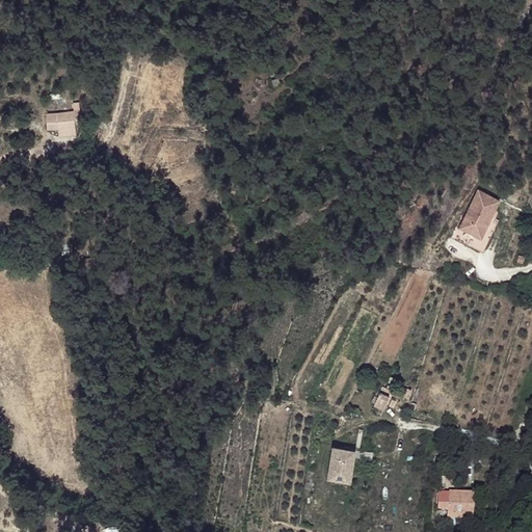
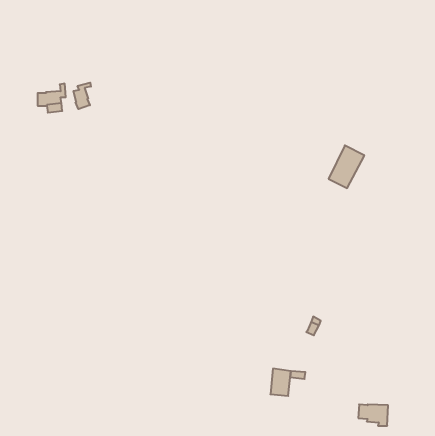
building: none -> [74,83,91,109]
building: [457,188,501,240] -> [329,145,364,188]

